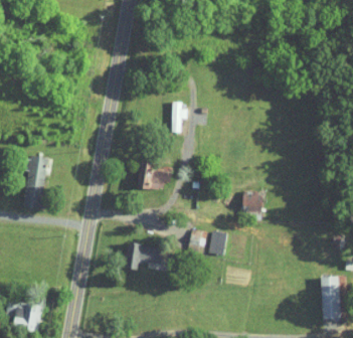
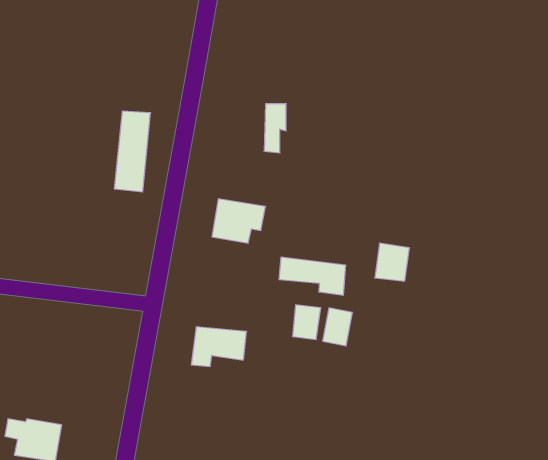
building: [24,156,47,207] -> [114,111,151,192]
building: none -> [279,257,346,295]
building: [321,276,340,320] -> none

